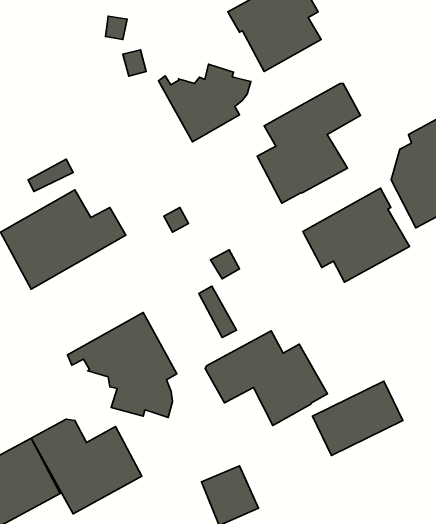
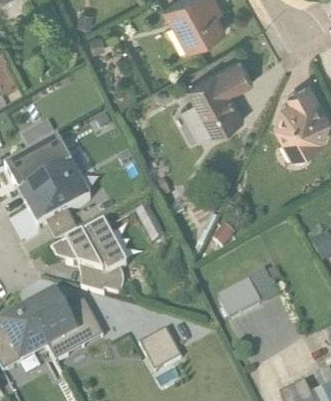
building: [158,64,251,142] -> none
building: [303,188,409,282] -> none
building: none -> [26,174,90,237]
building: [205,331,327,425] -> none

